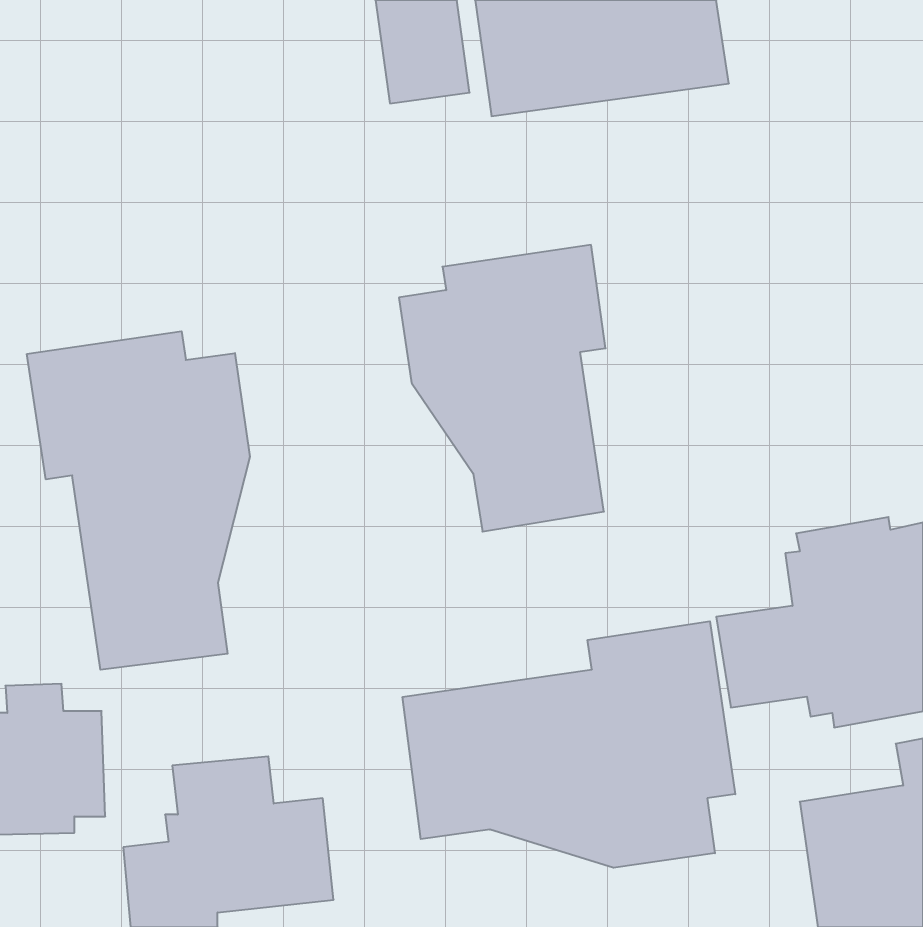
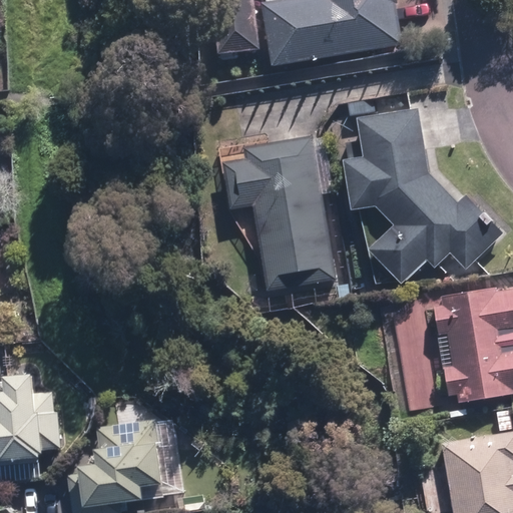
building: none -> [344,109,503,285]
building: [27,331,250,670] -> none
building: [403,621,735,868] -> none

